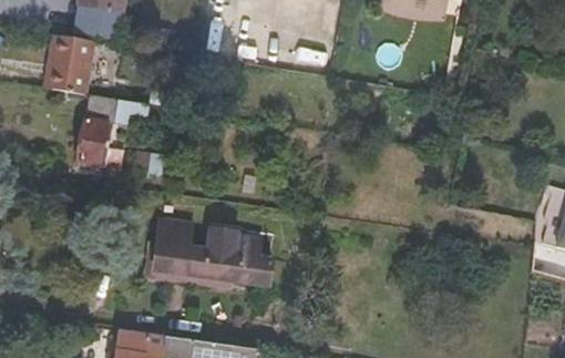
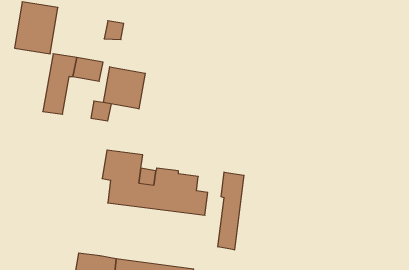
building: none -> [103,67,145,109]
building: none -> [218,172,244,250]

